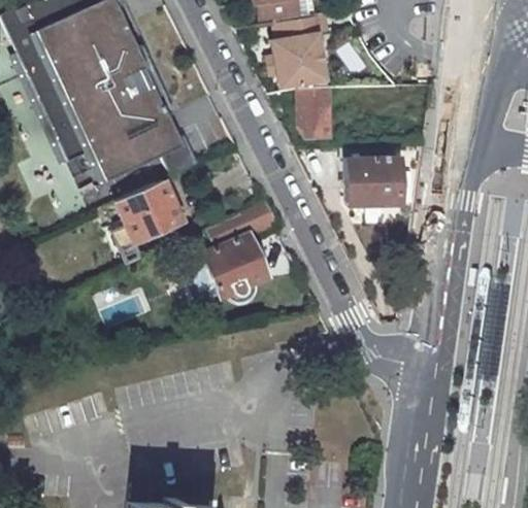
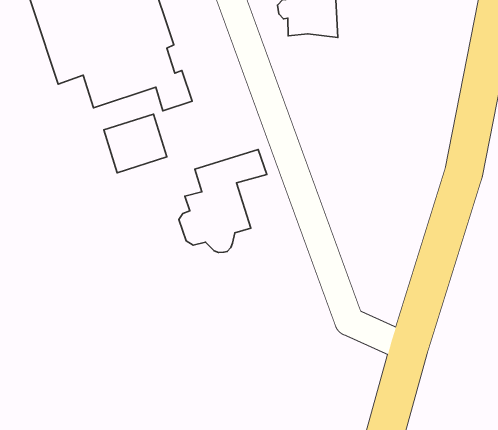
building: [300,89,333,139] -> none
building: [70,153,106,193] -> none
building: [348,159,401,207] -> none

